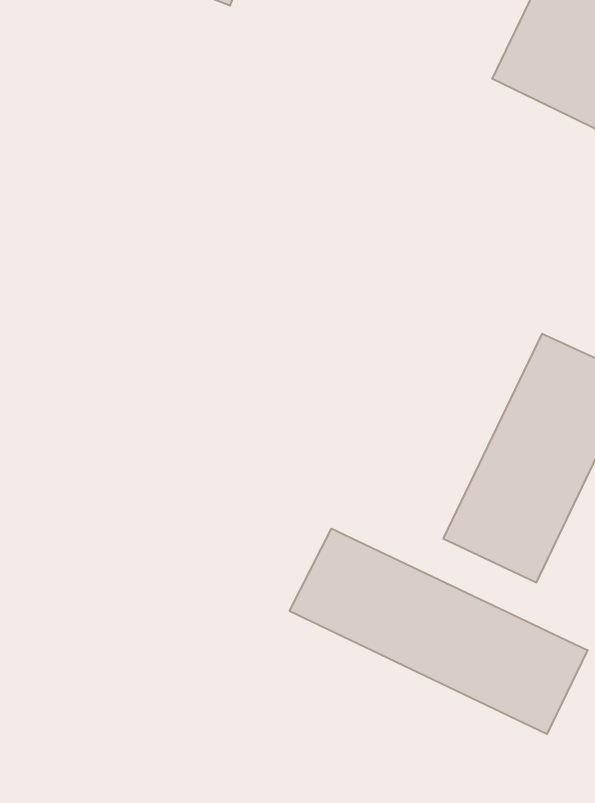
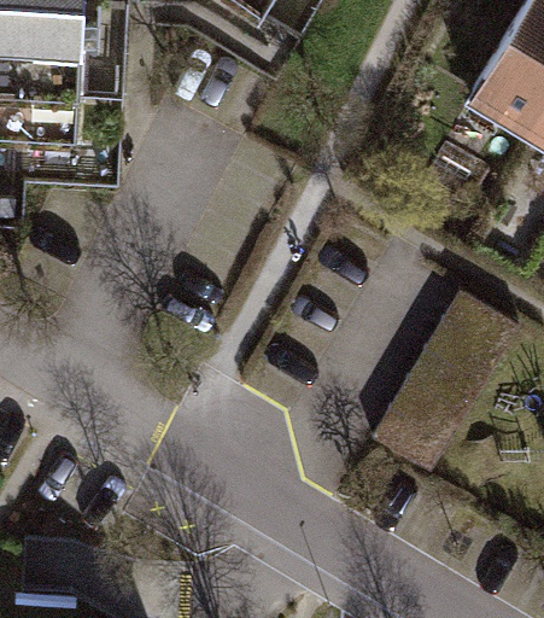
building: [290,529,588,734] -> none

